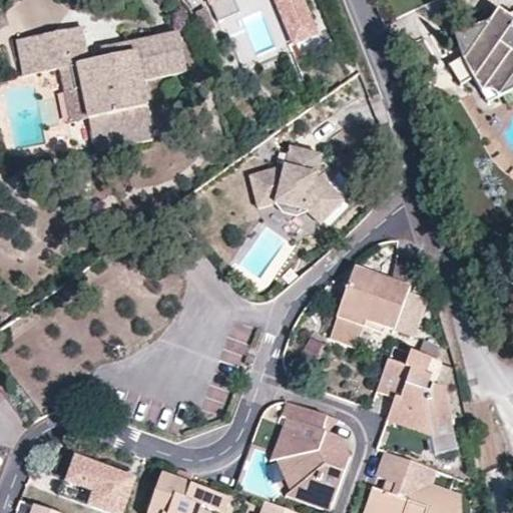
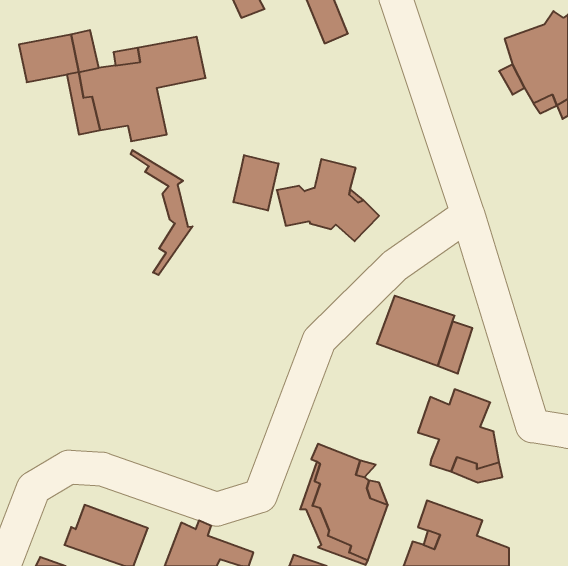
building: none -> [131,150,193,275]
building: none -> [233,155,279,211]
building: [330,310,368,347] -> none

